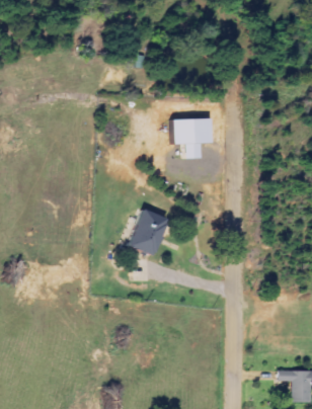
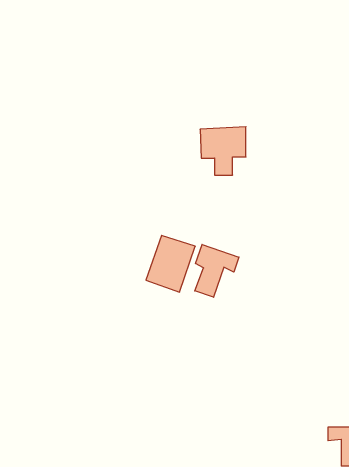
building: none -> [195,244,239,297]

